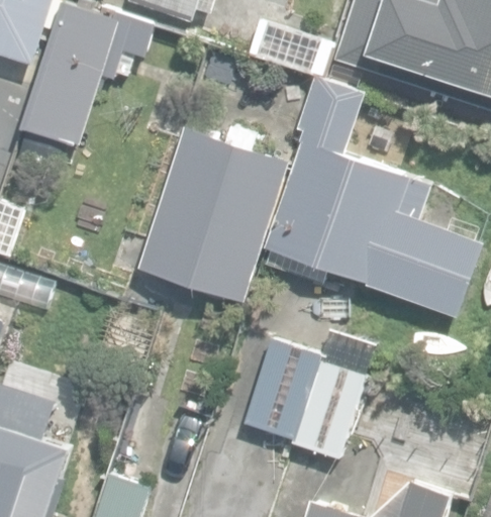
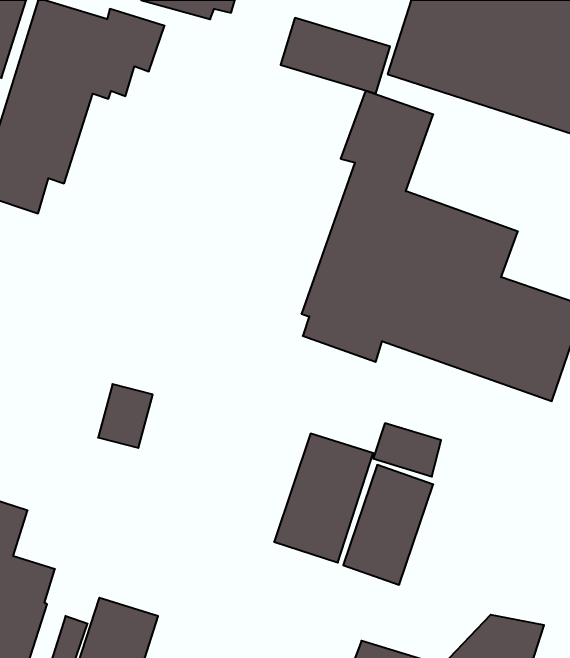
building: [138,126,288,301] -> none

